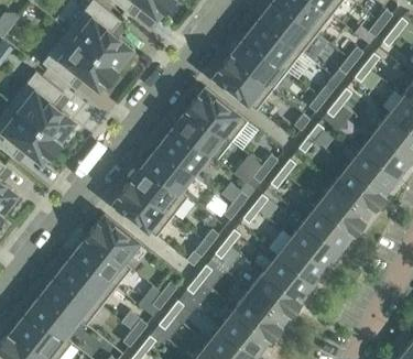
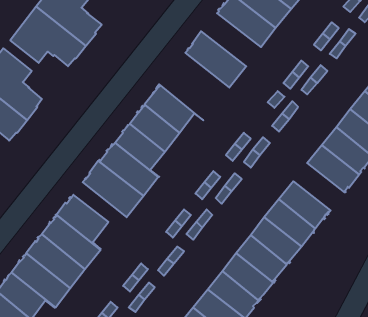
building: [229,39,287,90] -> none
building: [188,88,248,143] -> none
building: [319,185,369,231] -> none

